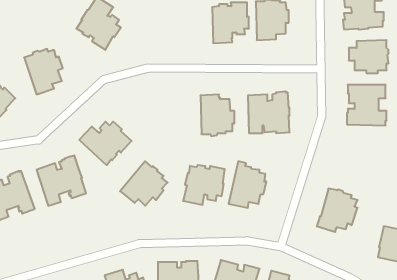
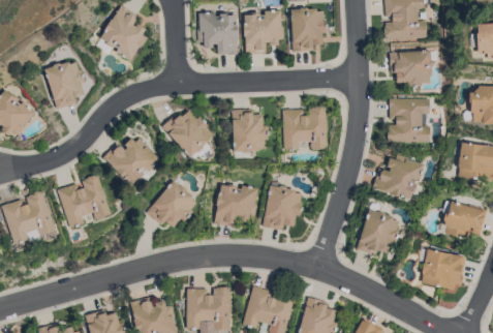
building: none -> [198,12,239,54]
building: none -> [162,110,213,159]
building: none -> [373,153,425,199]

